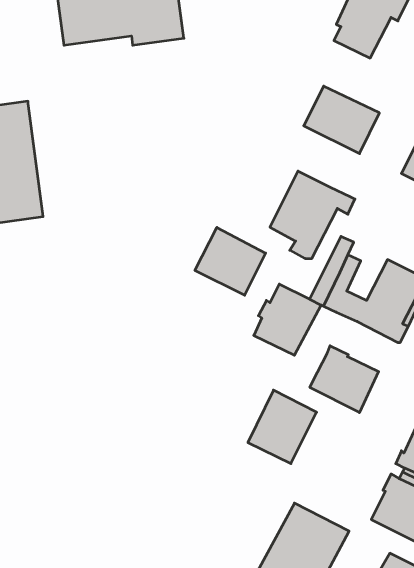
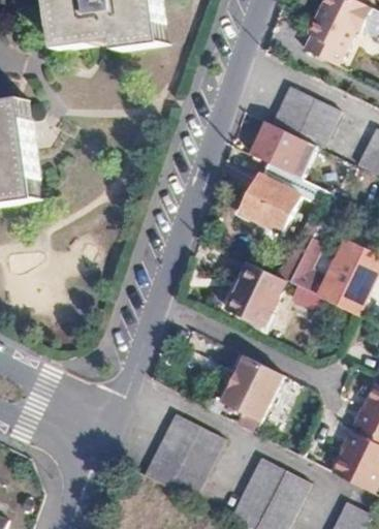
building: none -> [251,123,311,177]
building: [195,227,266,295] -> none
building: [310,346,379,413] -> none
building: none -> [146,413,226,500]

